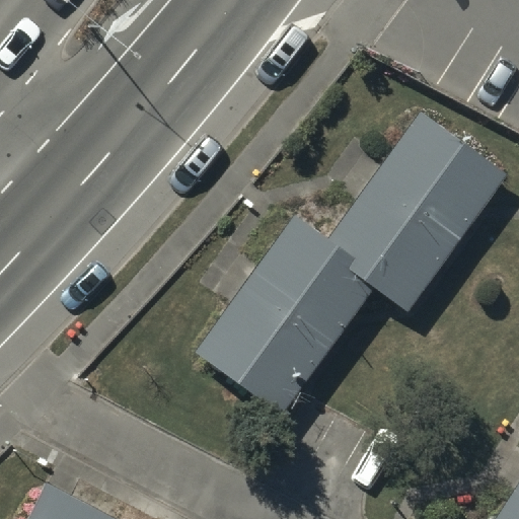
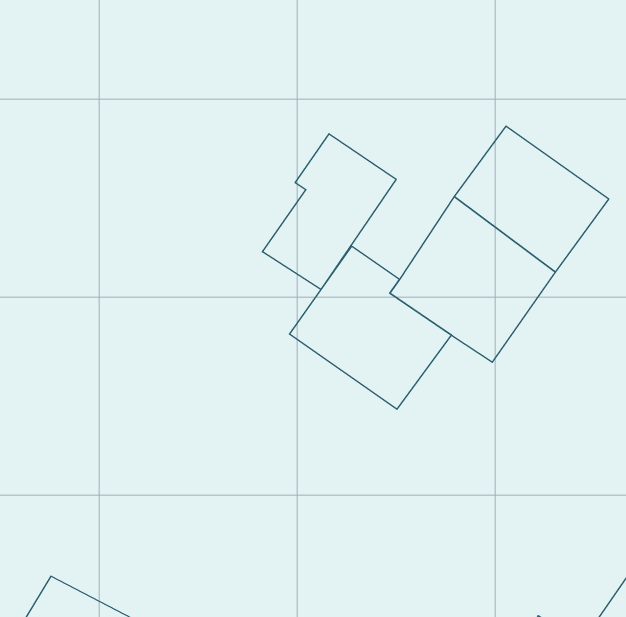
building: none -> [262,134,396,289]
building: [196,286,330,415] -> none

